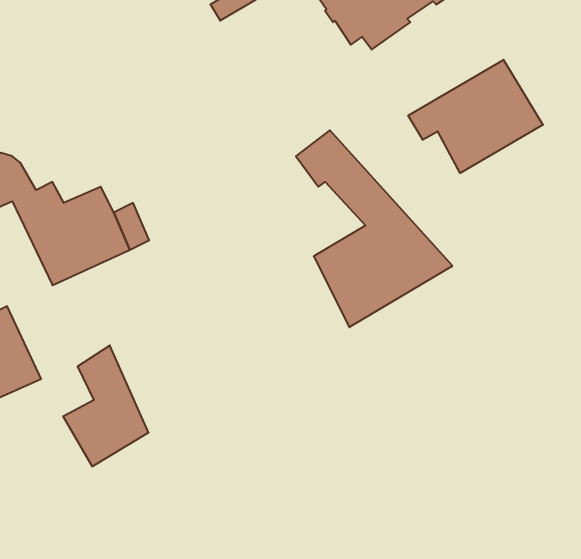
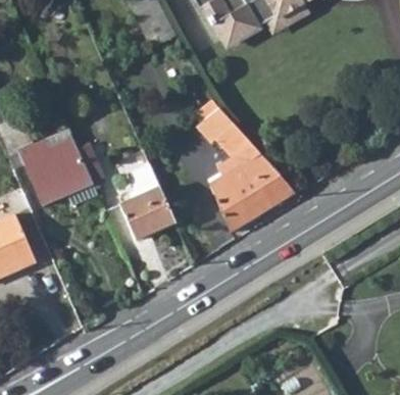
building: [408,60,543,173] -> none
building: [63,345,149,466] -> [118,161,172,238]

